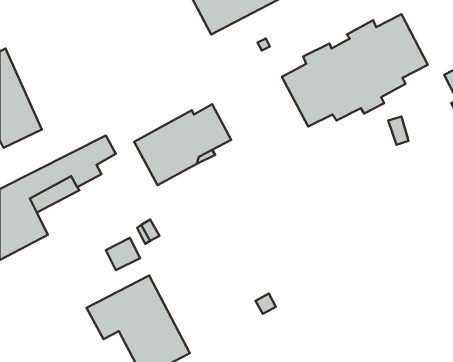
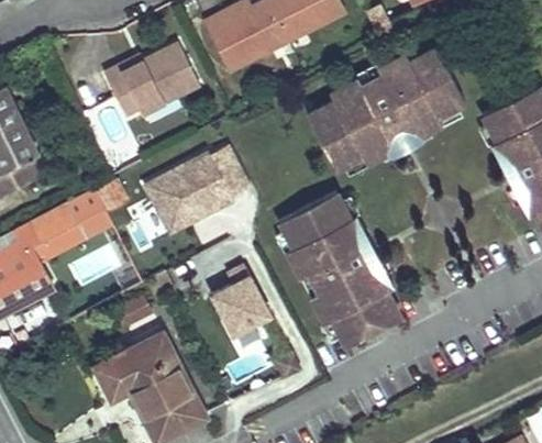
building: none -> [103,43,199,117]
building: none -> [279,192,401,347]
building: none -> [213,265,272,335]

